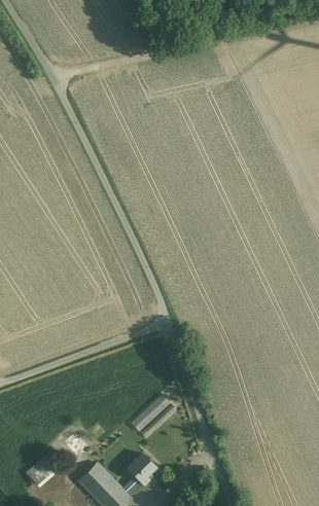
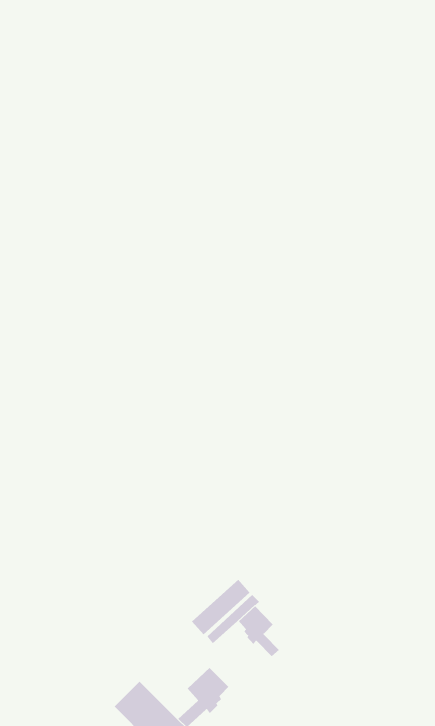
building: none -> [238,606,280,657]
building: [26,451,60,484] -> none

